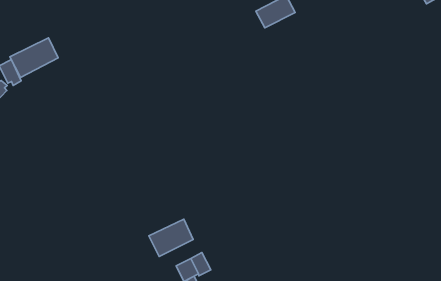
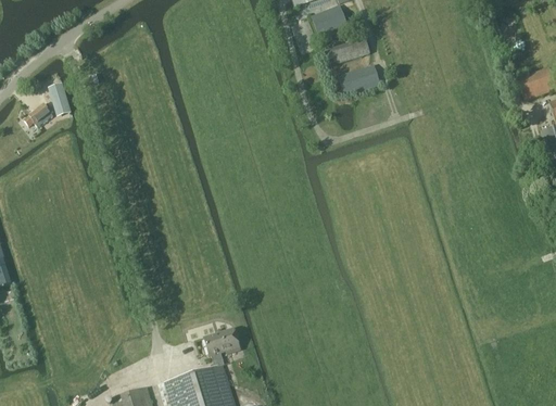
building: [10,38,58,78] -> none
building: [149,219,193,257] -> none

